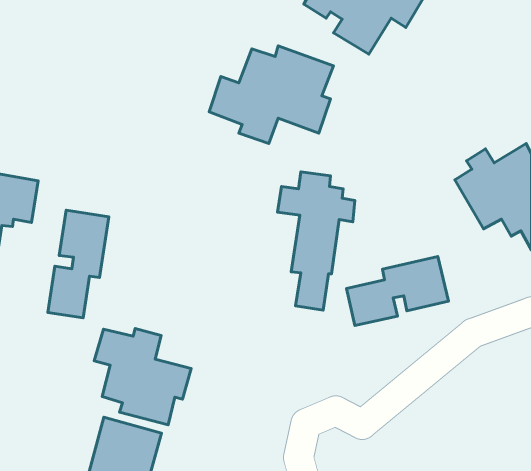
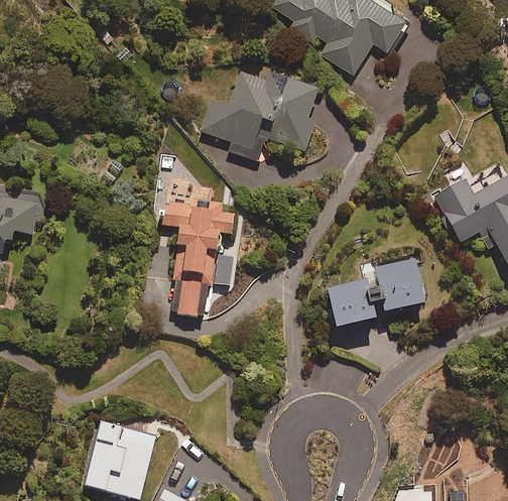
building: [277,172,355,310] -> [159,185,233,317]
building: [48,210,109,318] -> none
building: [94,328,191,425] -> none

